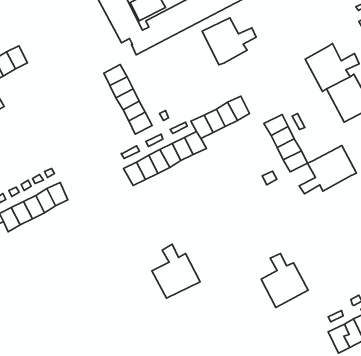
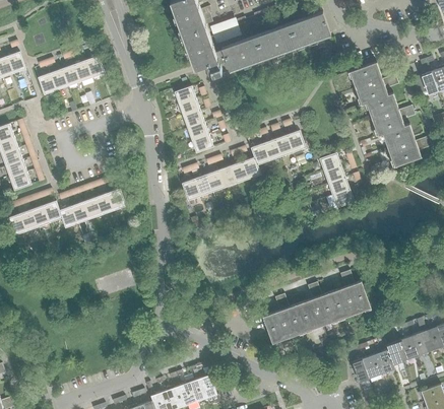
building: [202,18,256,65] -> [348,63,398,106]
building: [299,146,356,194] -> none
building: none -> [328,271,372,321]
building: [152,244,200,298] -> [262,294,306,344]

